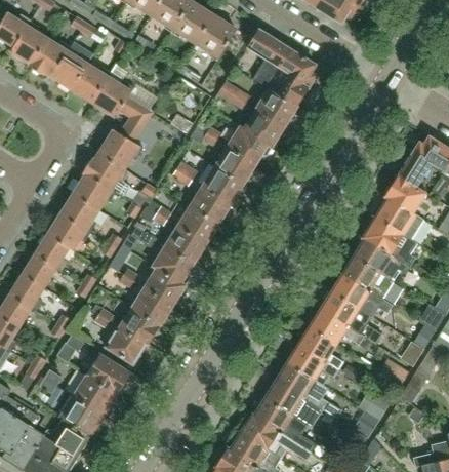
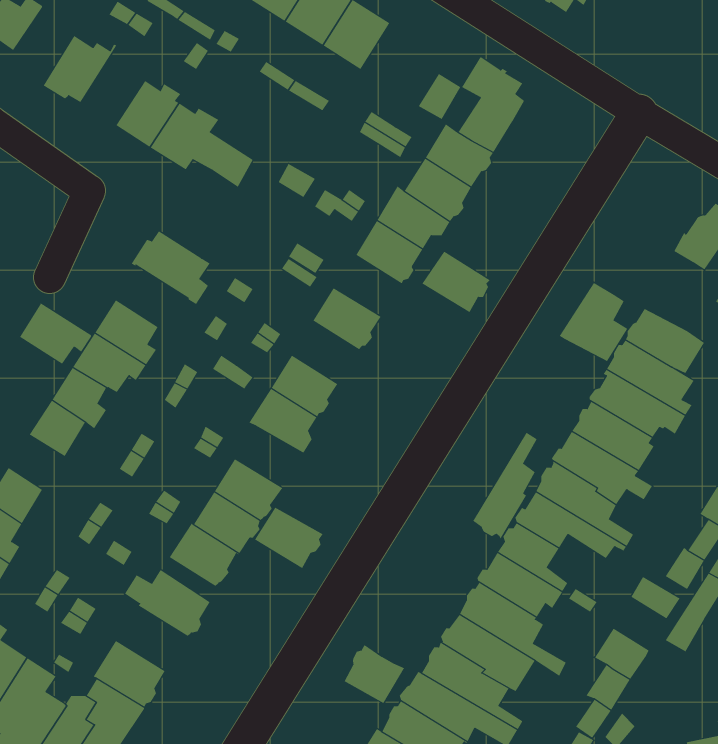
building: [10,19,48,66] -> none
building: [246,29,289,67] -> none
building: [52,42,92,89] -> none
building: [98,116,146,168] -> none
building: [383,164,424,211] -> [559,282,628,362]
building: [202,166,243,203] -> [421,251,491,313]
building: [73,172,116,209] -> [19,302,92,364]
building: [177,205,217,243] -> none
building: [144,268,185,305] -> [254,507,323,569]
building: none -> [472,432,538,540]
building: [9,273,43,310] -> none
building: [64,368,116,414] -> none
building: none -> [344,644,405,704]

